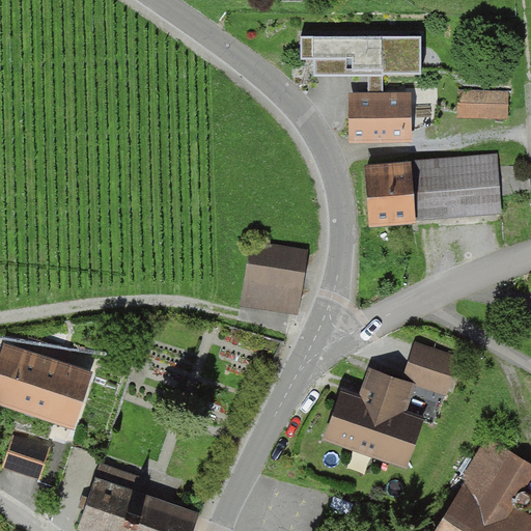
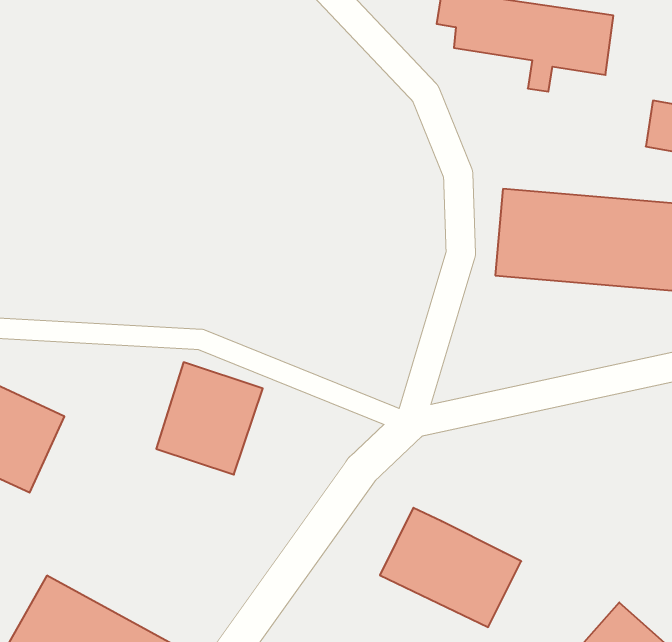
building: [351,93,412,139] -> none
building: [240,241,306,312] -> [156,362,263,475]
building: [404,342,462,392] -> none
building: [359,370,414,414] -> none

